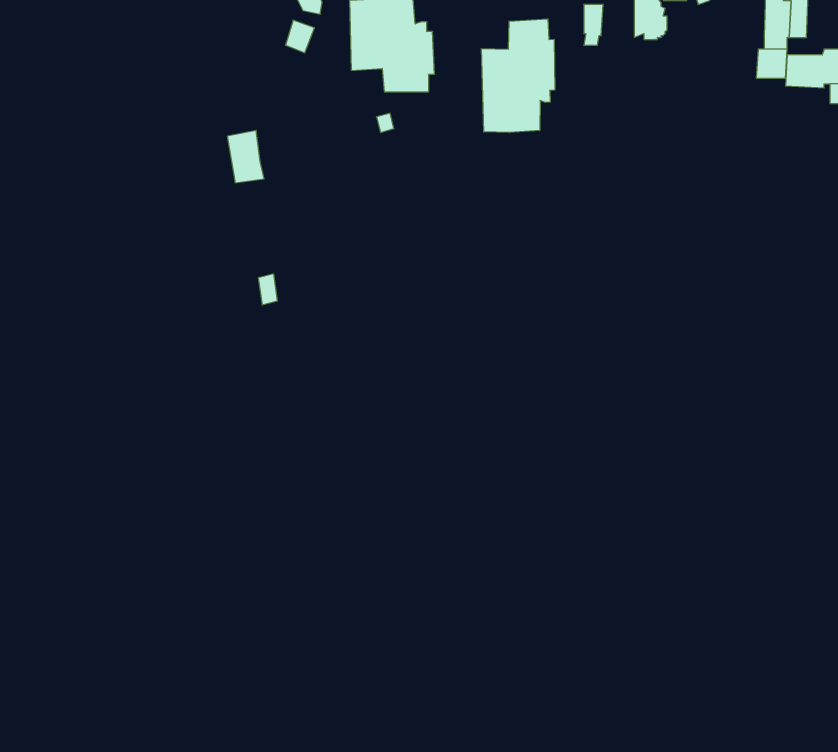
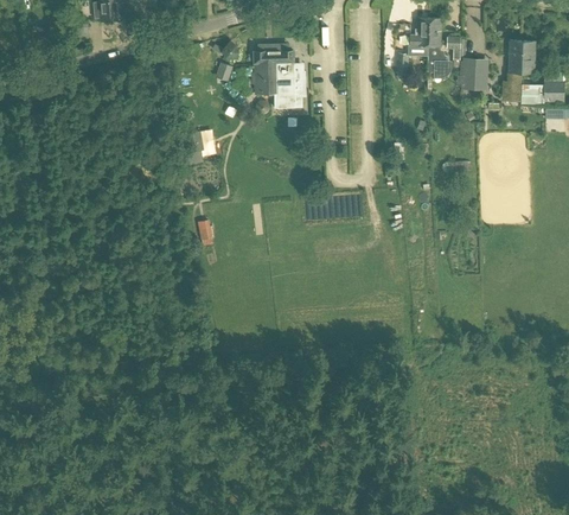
building: none -> [463,61,486,87]
building: [481,19,555,133] -> none

